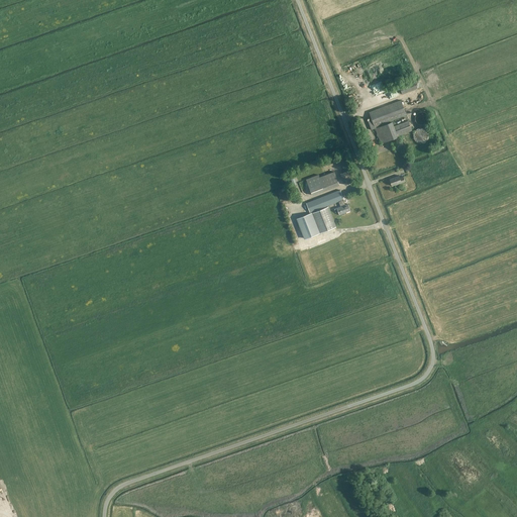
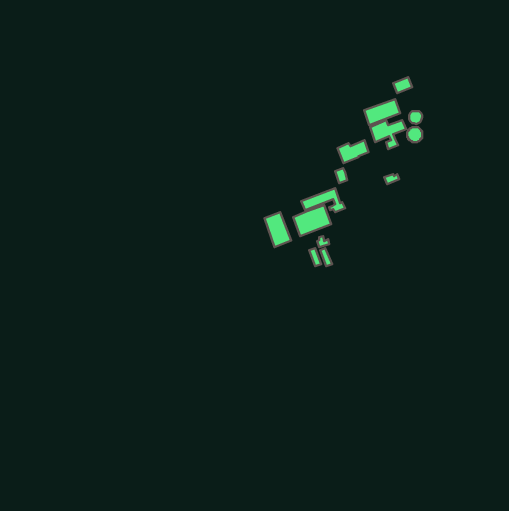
building: [305,172,336,195] -> [338,140,369,163]
building: none -> [265,212,291,247]

